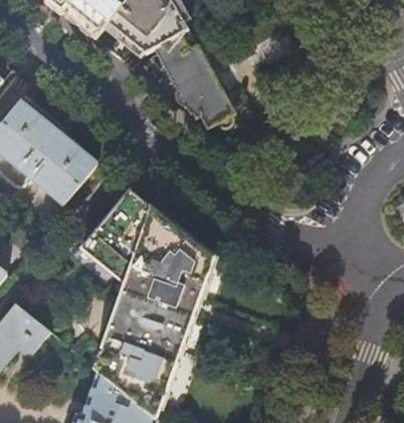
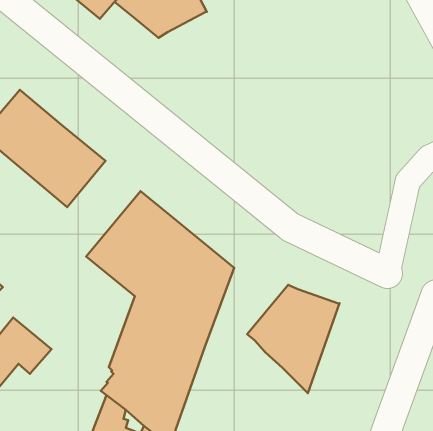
building: [153,31,233,127] -> none
building: none -> [247,285,340,393]

